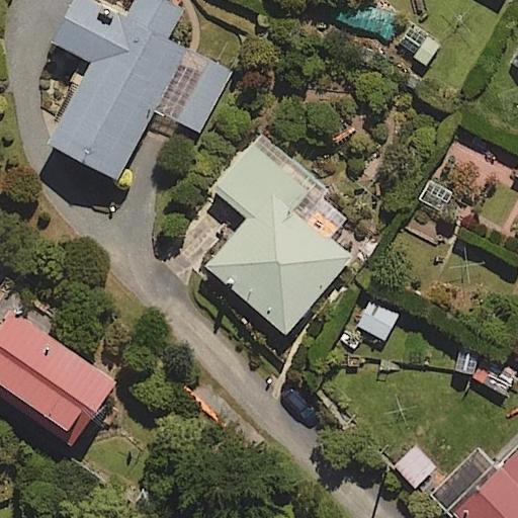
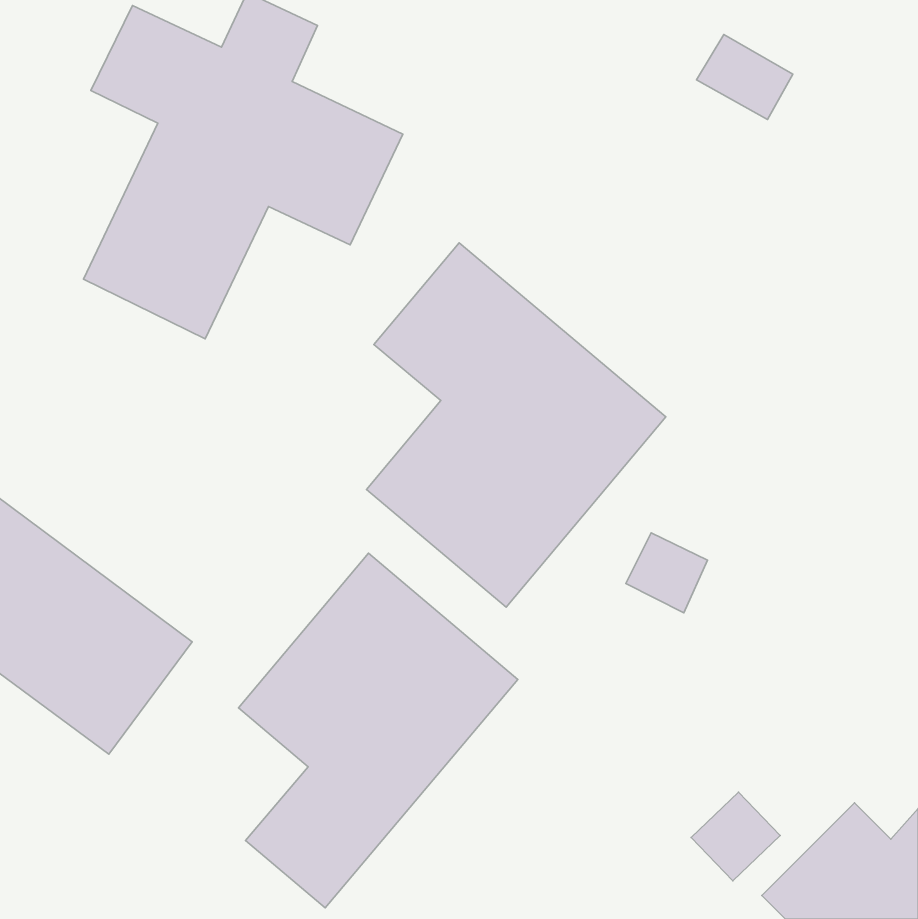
building: none -> [239,553,518,908]

